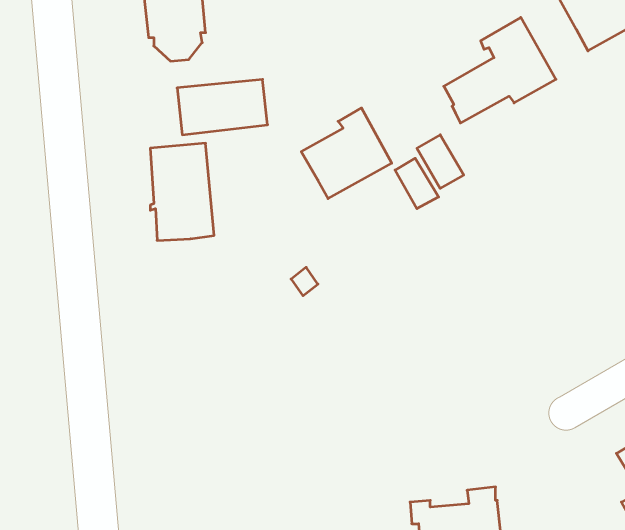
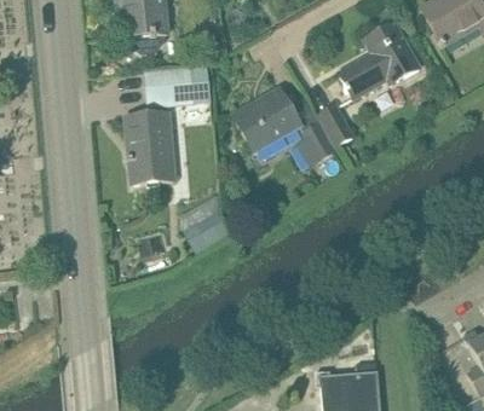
building: none -> [183,214,229,255]

